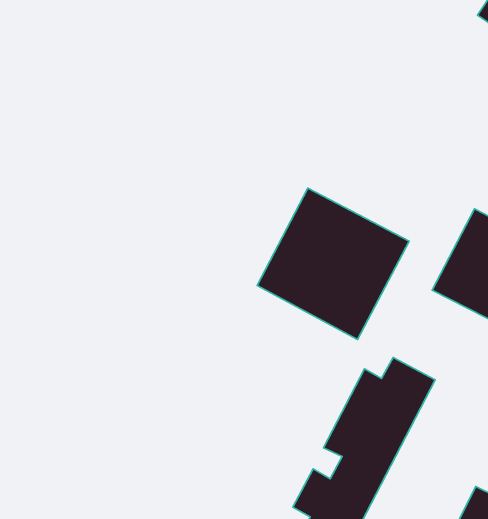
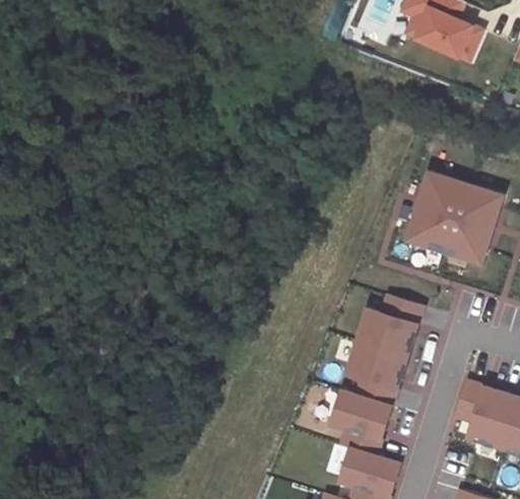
building: [257,188,409,340] -> none

